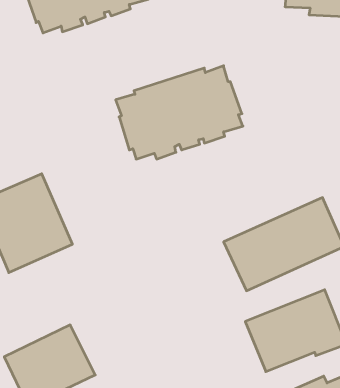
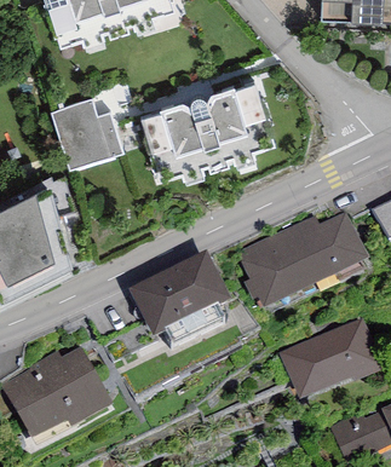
building: none -> [56,93,123,161]
building: none -> [139,264,237,342]

